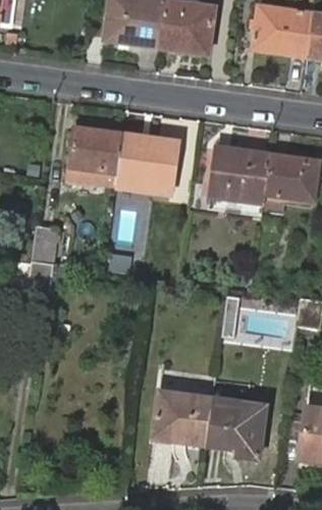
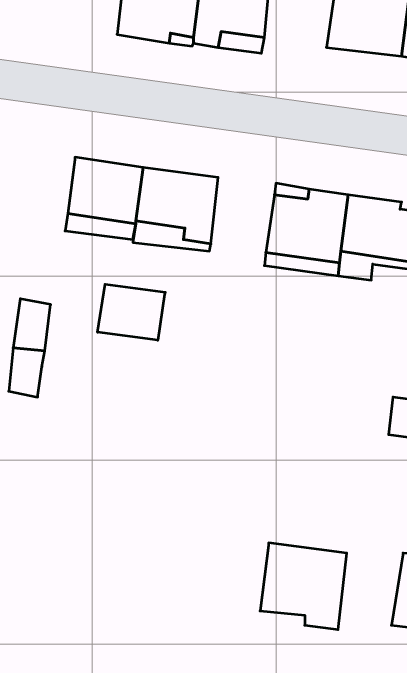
building: none -> [98,284,165,340]
building: [153,392,212,446] -> none

